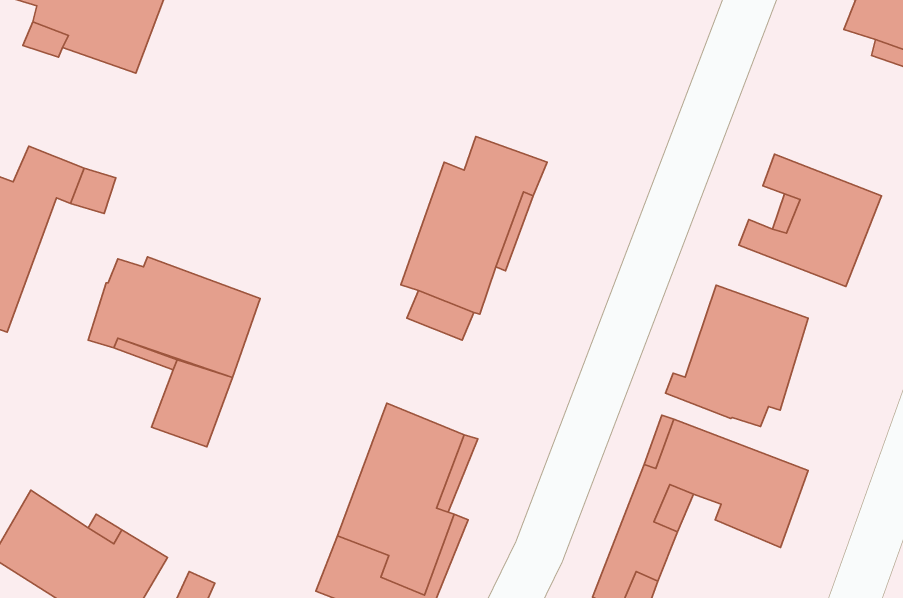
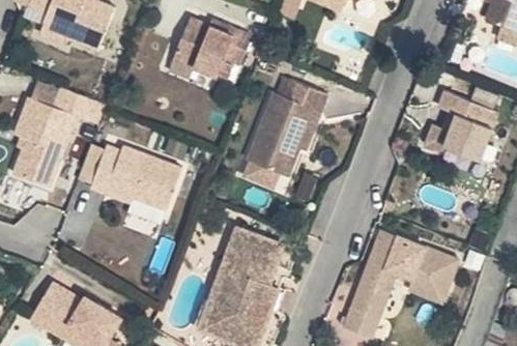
building: none -> [168,19,248,78]
building: [665,285,808,426] -> none

